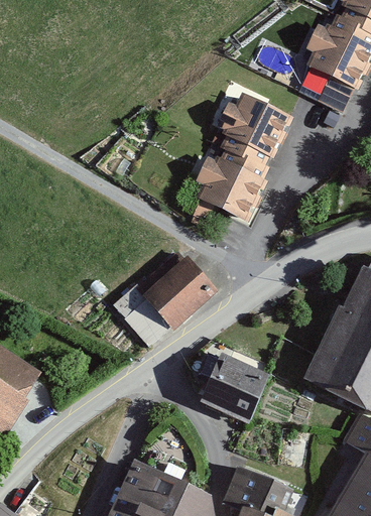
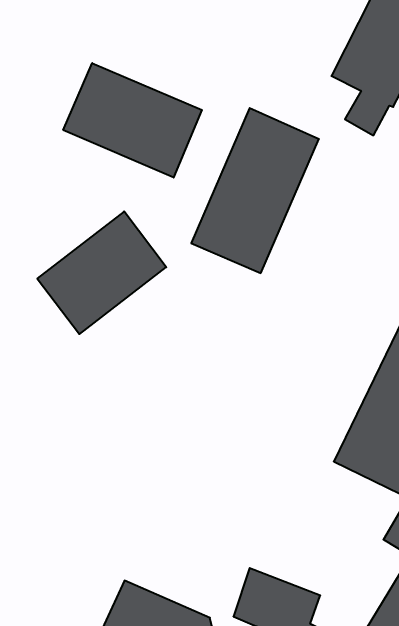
building: none -> [63,63,202,178]
building: [111,248,216,348] -> [37,211,166,334]
building: [200,352,272,424] -> none

